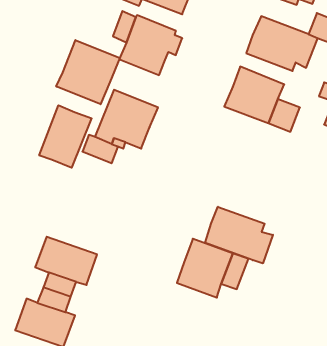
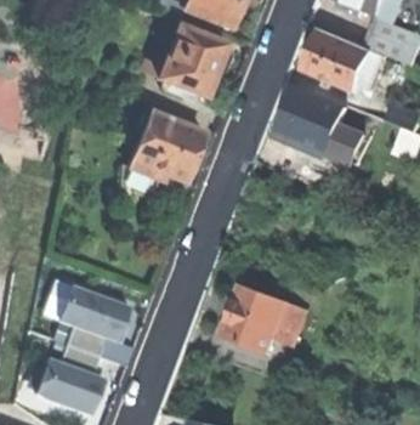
building: [56,40,120,104] -> none
building: [39,105,92,168] -> none
building: [205,207,273,263] -> none

